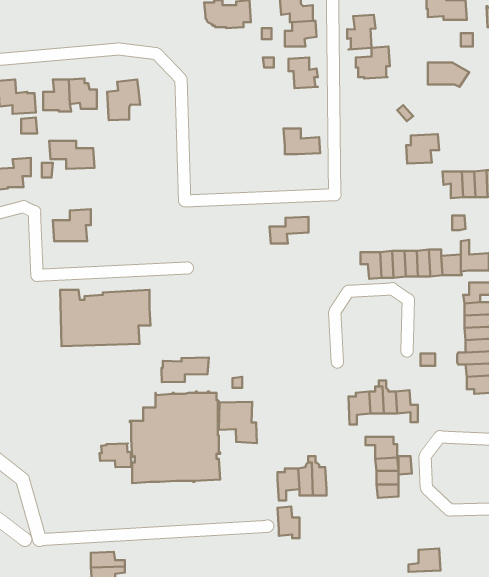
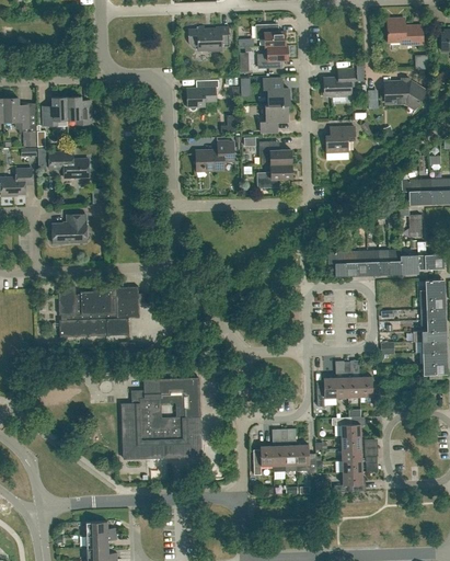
building: [347,15,375,49] -> none
building: none -> [186,80,218,111]
building: [107,80,140,120] -> none
building: none -> [259,104,289,133]
building: none -> [195,140,234,171]
building: [406,134,439,164] -> [325,126,355,152]
building: [270,217,309,244] -> [256,163,291,187]
building: [162,358,209,382] -> none
building: [219,402,257,443] -> none
building: [100,444,131,467] -> none
building: [278,506,300,538] -> [296,444,315,472]
building: [409,549,440,572] -> [334,471,362,492]

